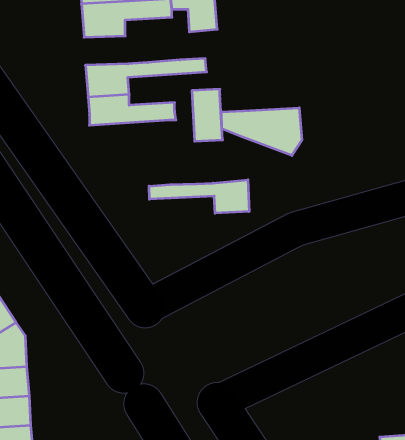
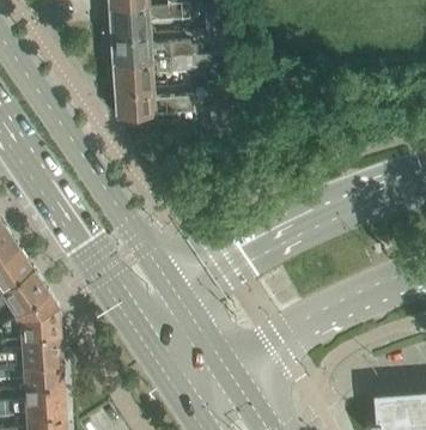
building: none -> [110,36,196,62]
building: [221,108,302,156] -> none
building: [149,180,249,213] -> none

